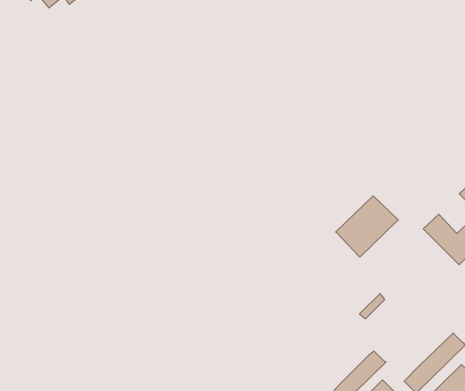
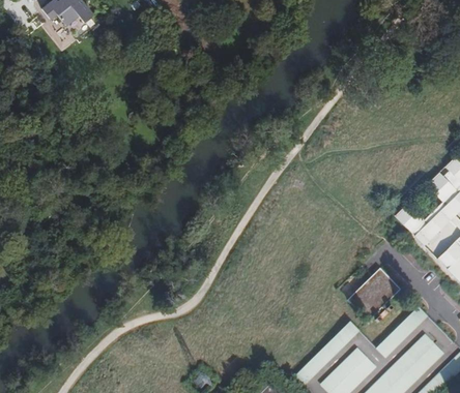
building: [336,196,398,257] -> [348,268,402,321]

